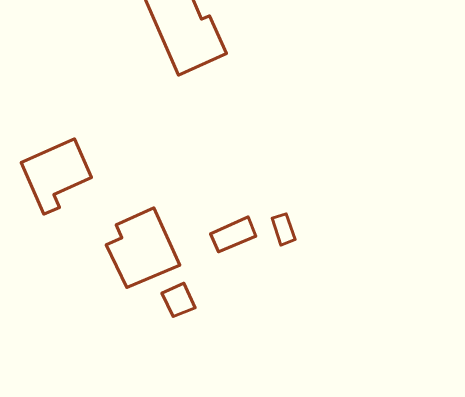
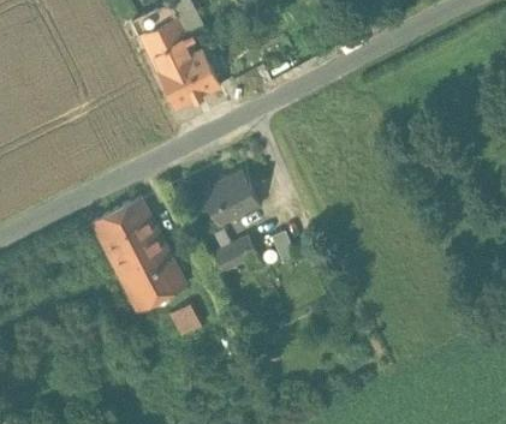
building: [21,139,91,214] -> [91,198,159,271]
building: none -> [202,173,260,227]

